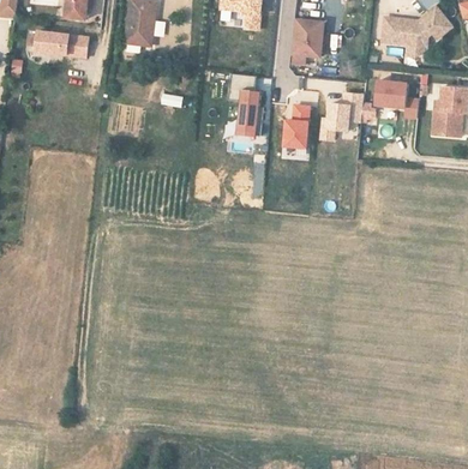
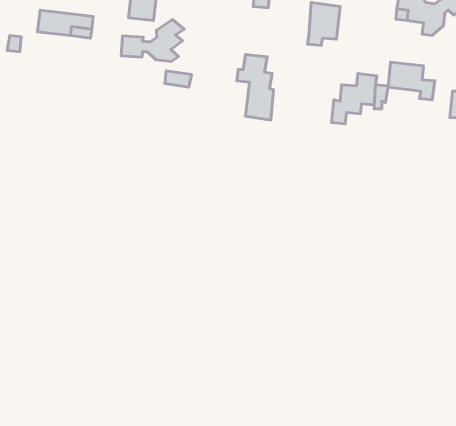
building: none -> [121,19,184,62]
building: [286,103,311,145] -> none

